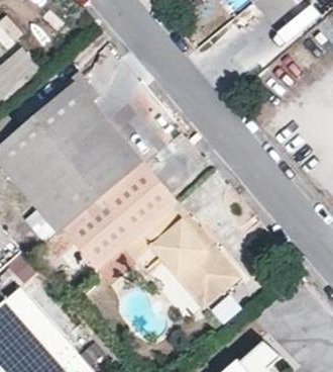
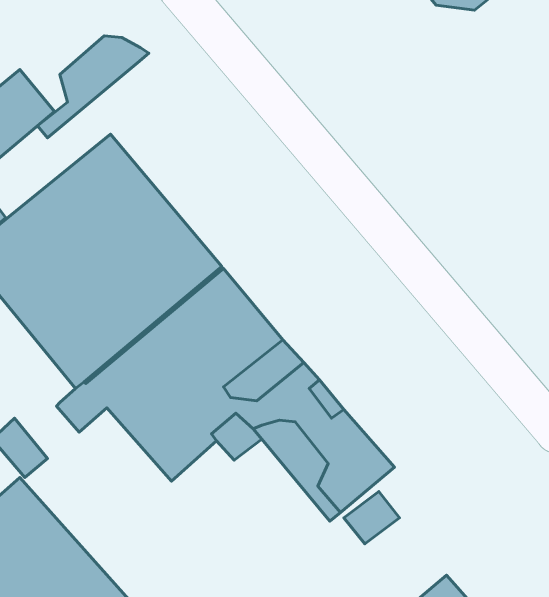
building: none -> [38,36,149,138]

